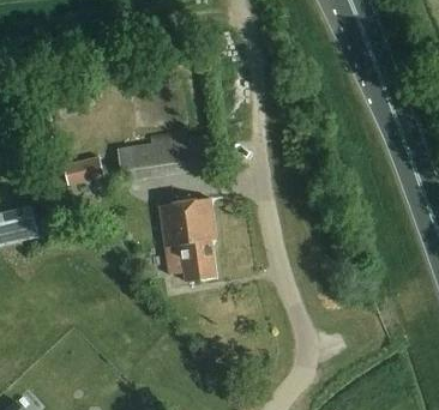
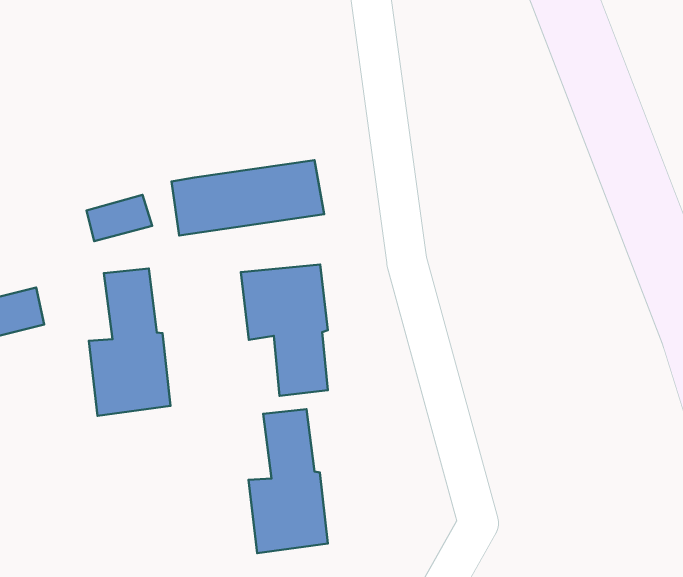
building: none -> [89,268,171,416]
building: none -> [249,409,328,553]

